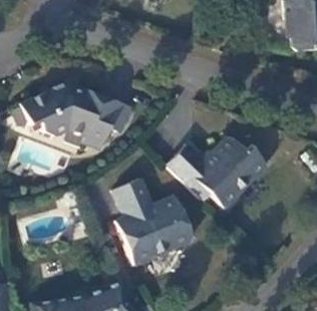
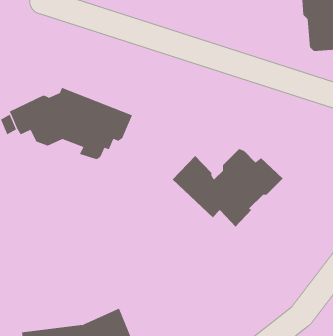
building: [111,179,191,266] -> none

